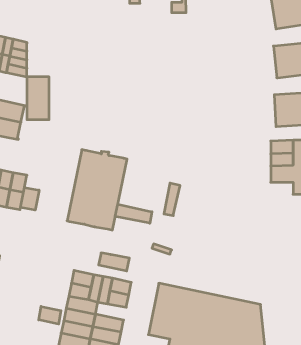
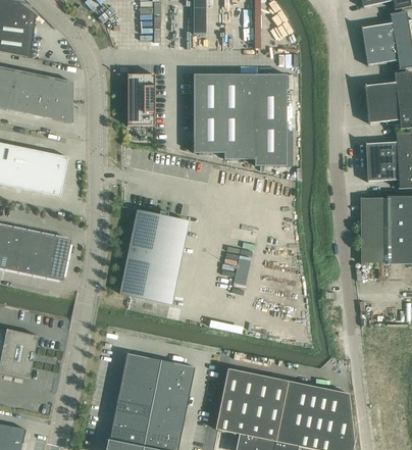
building: none -> [193,73,287,164]
building: [27,77,49,120] -> [127,73,154,124]
building: none -> [361,247,388,261]
building: [20,188,39,210] -> none
building: [115,204,152,223] -> none
building: [99,253,129,271] -> [152,390,189,411]
building: [39,306,61,324] -> none

